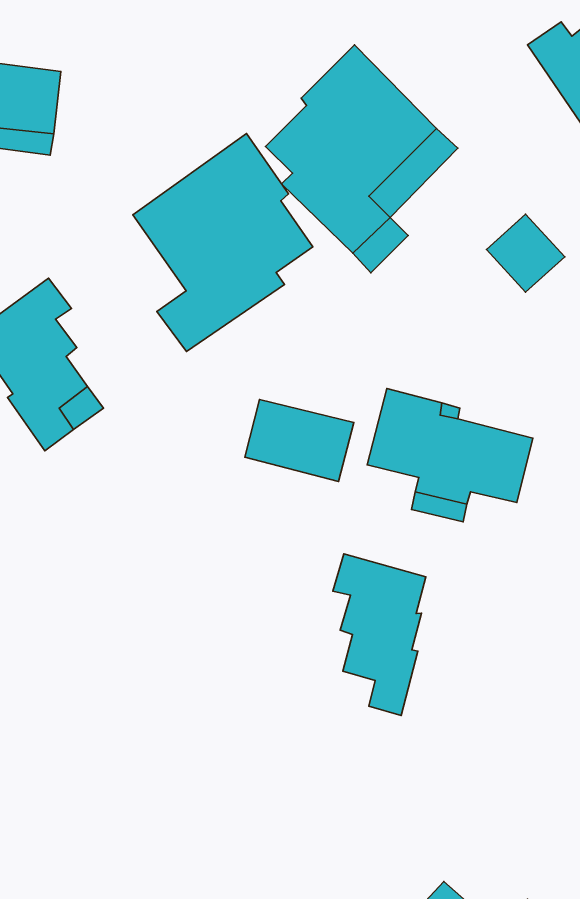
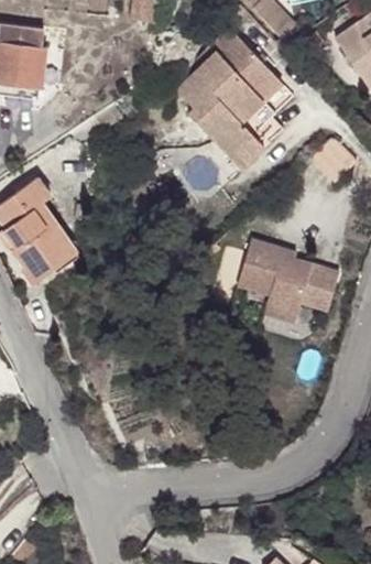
building: [133,134,313,352] -> none
building: [245,400,354,481] -> none
building: [333,554,426,716] -> none

